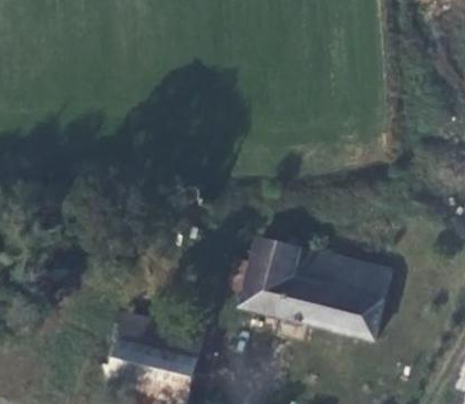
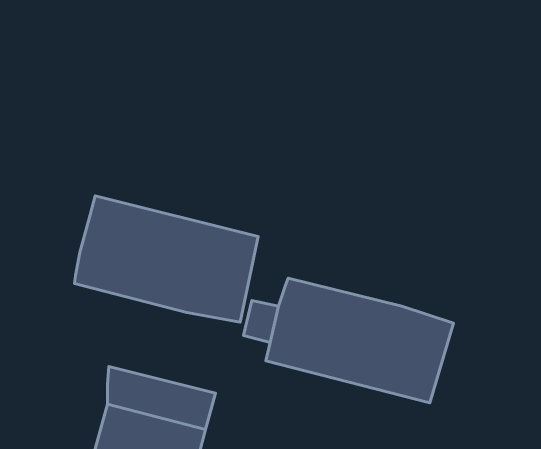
building: none -> [75,196,258,322]

